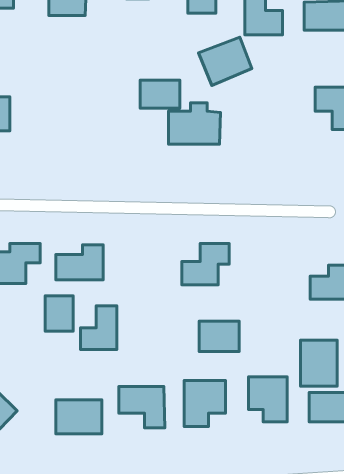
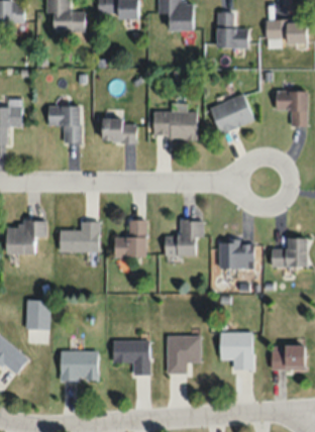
building: [199,37,252,86] -> [209,94,253,134]
building: [140,80,180,108] -> [103,119,136,142]
building: none -> [48,105,81,142]
building: [45,296,73,331] -> [26,301,49,330]
building: [80,306,117,350] -> [115,220,145,256]
building: [199,321,239,352] -> [220,243,253,268]
building: [301,340,337,386] -> none

